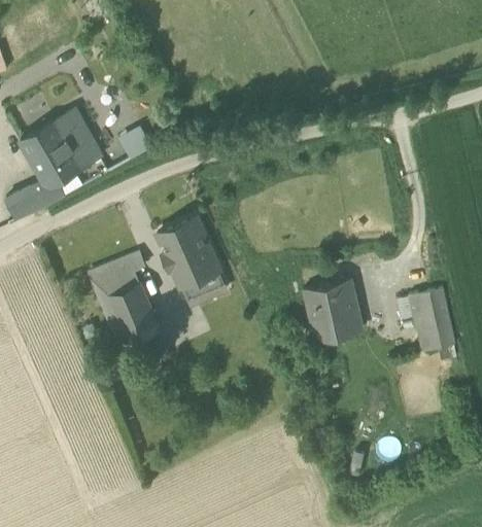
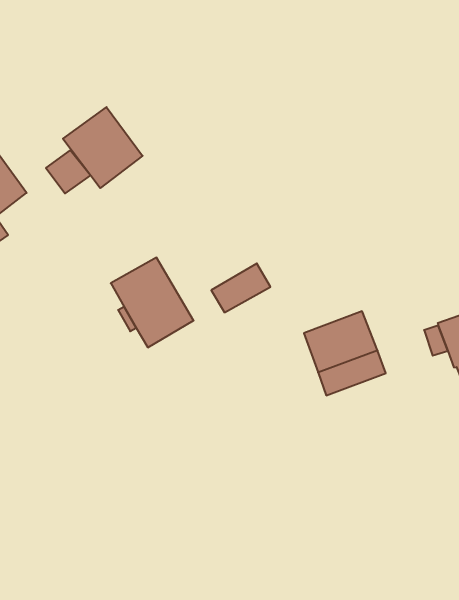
building: none -> [63,107,143,188]
building: [91,255,159,347] -> none
building: [180,270,227,305] -> [211,263,270,312]

